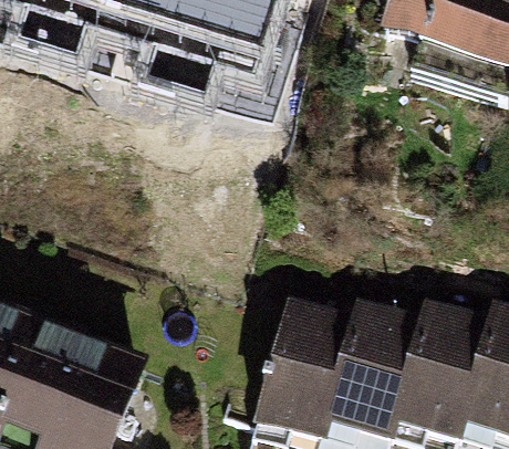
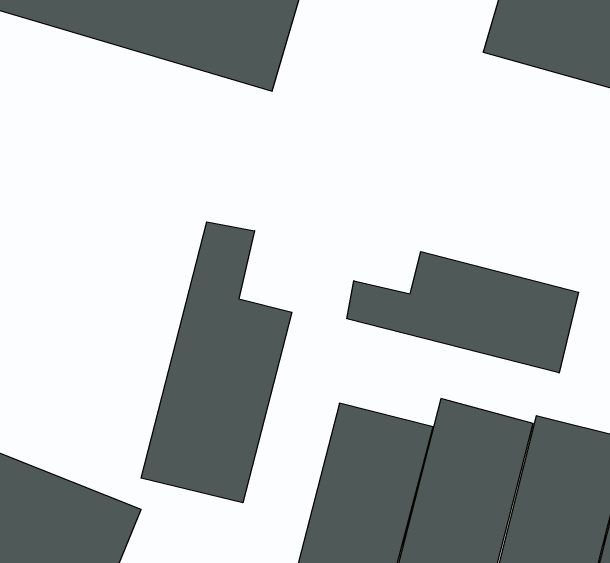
building: none -> [141,222,292,503]
building: none -> [347,252,579,373]

